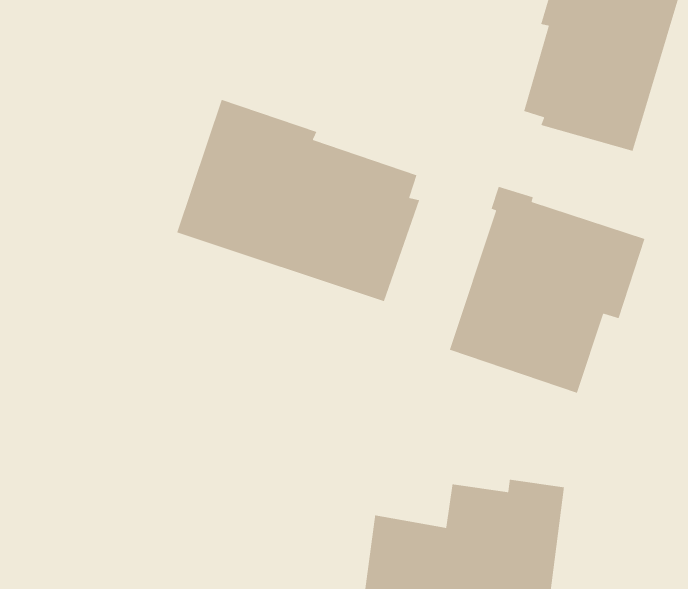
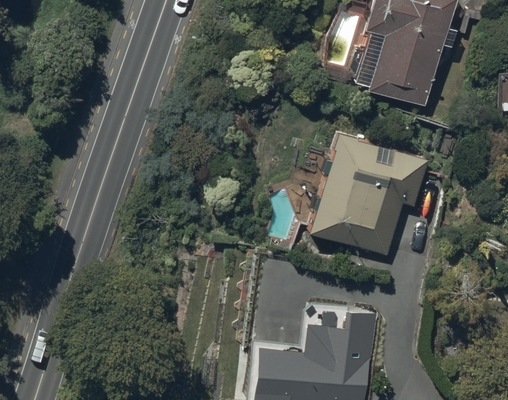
building: [176,99,420,302] -> none

